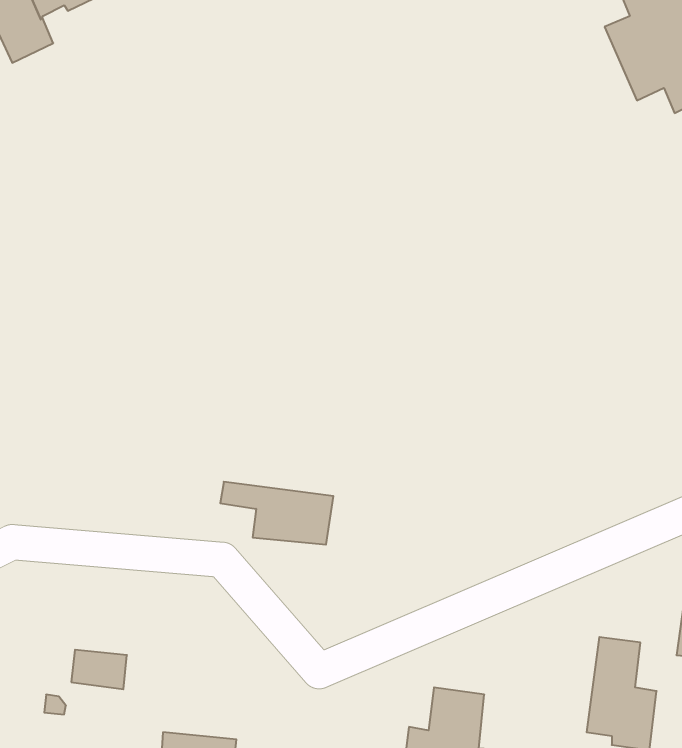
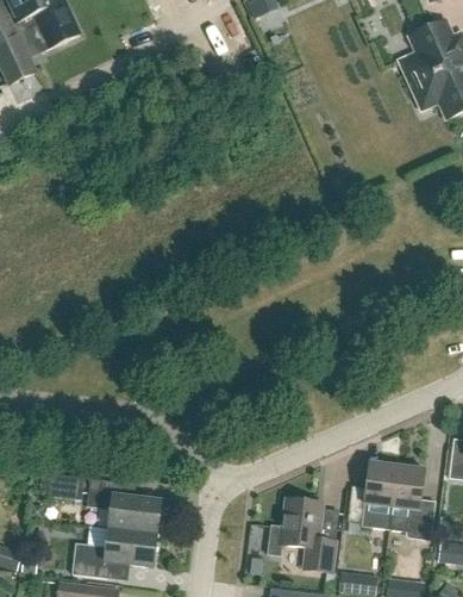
building: [220,482,333,545] -> [87,491,162,533]
building: none -> [348,461,398,528]

